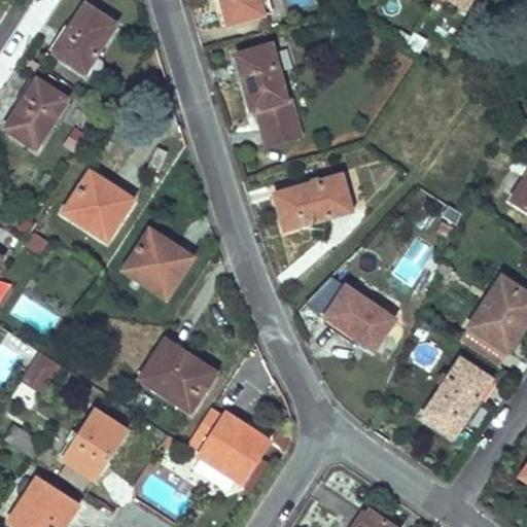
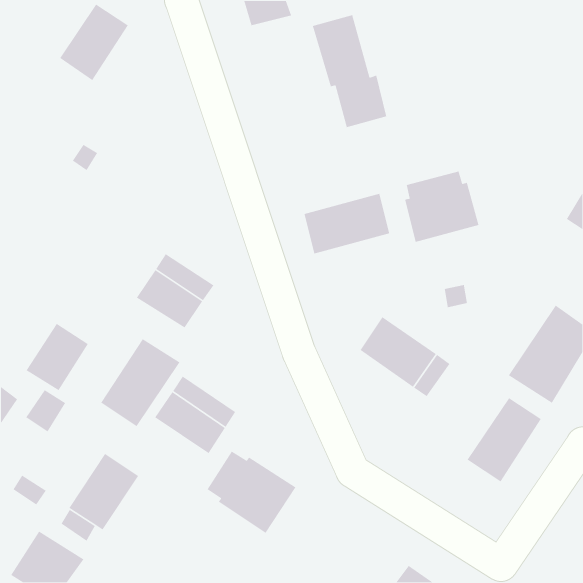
building: [235,44,303,147] -> [312,14,387,128]
building: [4,79,66,146] -> none
building: none -> [404,171,480,243]
building: [65,172,133,239] -> none
building: none -> [25,323,89,391]
building: none -> [100,338,180,427]

